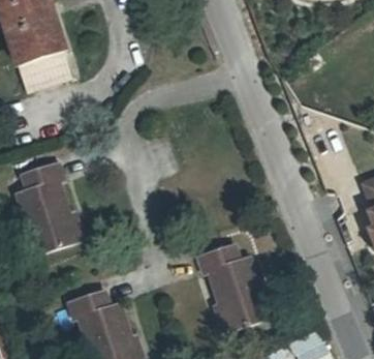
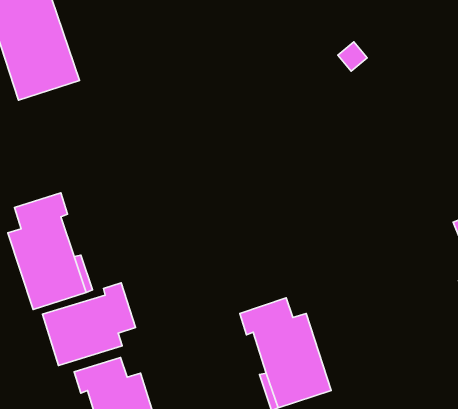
building: none -> [42,283,135,365]

